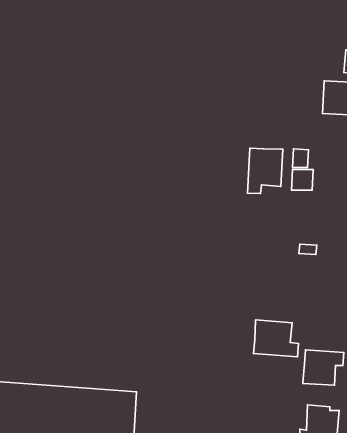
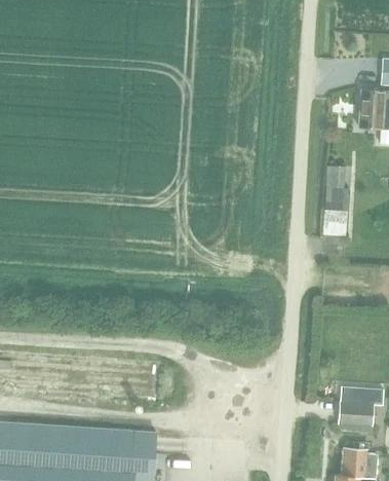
building: [248,148,283,194] -> none
building: [254,320,299,357] -> none

